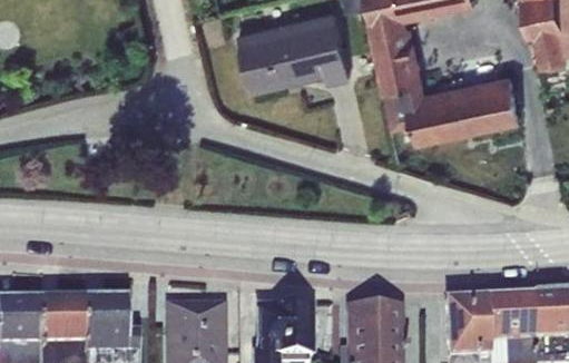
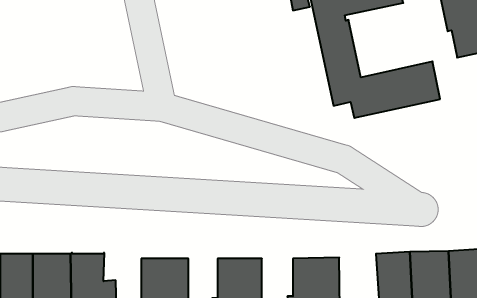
building: [241,12,352,89] -> none

